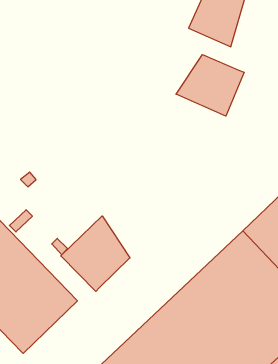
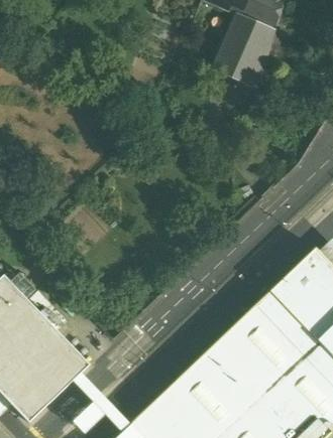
building: [176,55,244,116] -> none
building: [61,216,130,291] -> none

